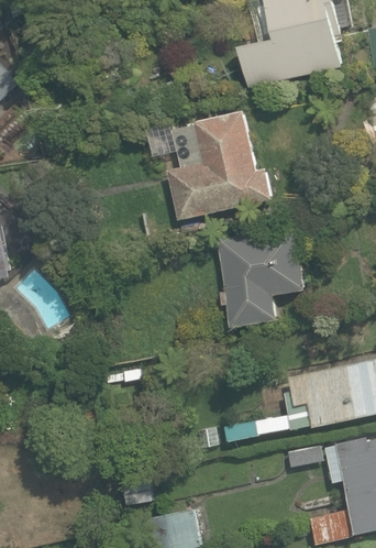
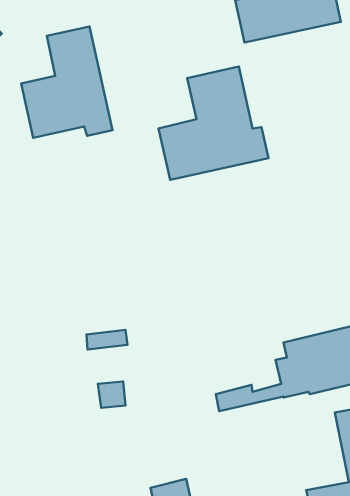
building: none -> [21,26,113,138]
building: [218,226,306,327] -> none

